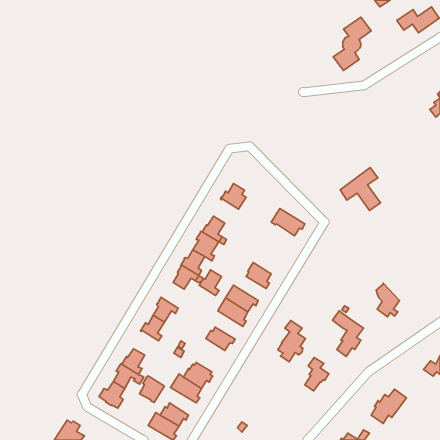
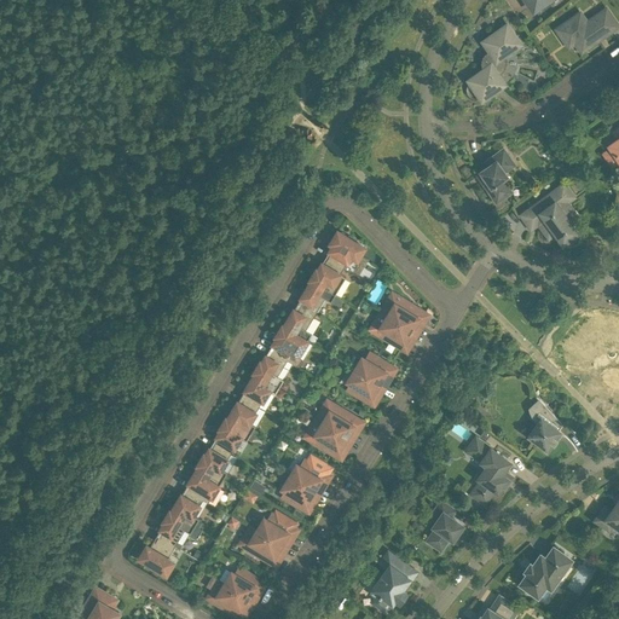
building: none -> [480,149,515,202]
building: none -> [328,230,364,267]
building: [340,167,381,211] -> [521,183,578,243]
building: none -> [300,279,335,313]
building: none -> [378,314,413,351]
building: none -> [355,352,395,384]
building: [199,270,222,296] -> [227,397,259,433]
building: [278,321,305,362] -> [370,553,409,611]
building: none -> [280,475,316,511]
building: [139,376,164,402] -> [187,464,222,502]

